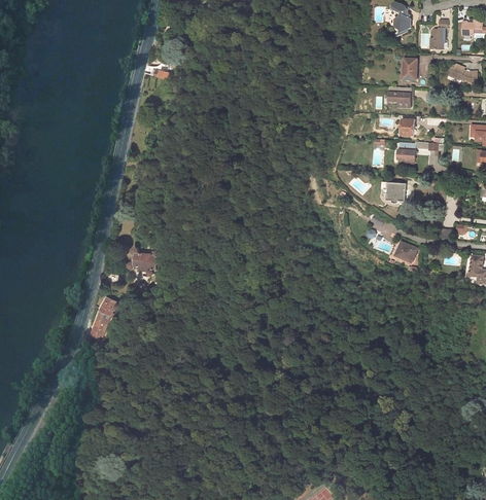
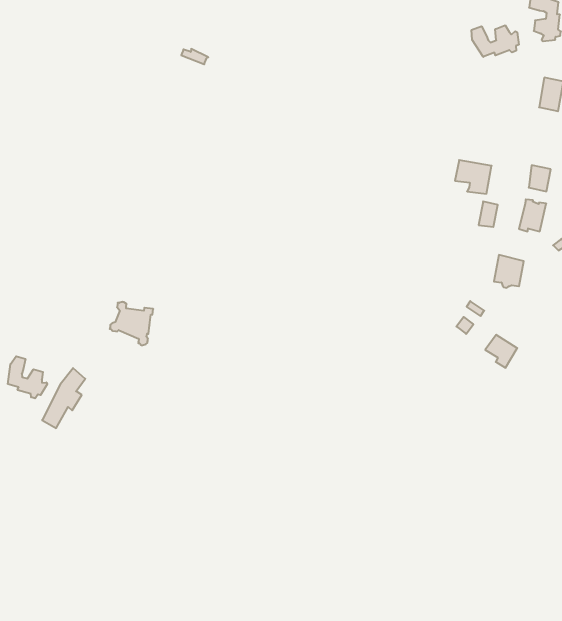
building: none -> [472,25,519,57]
building: [390,86,414,107] -> [455,160,492,194]
building: none -> [8,356,47,398]

